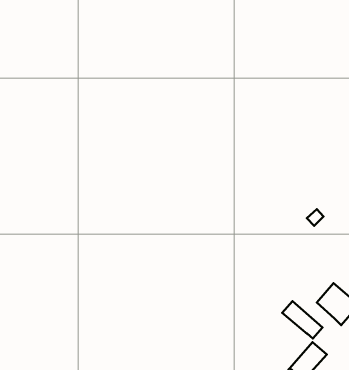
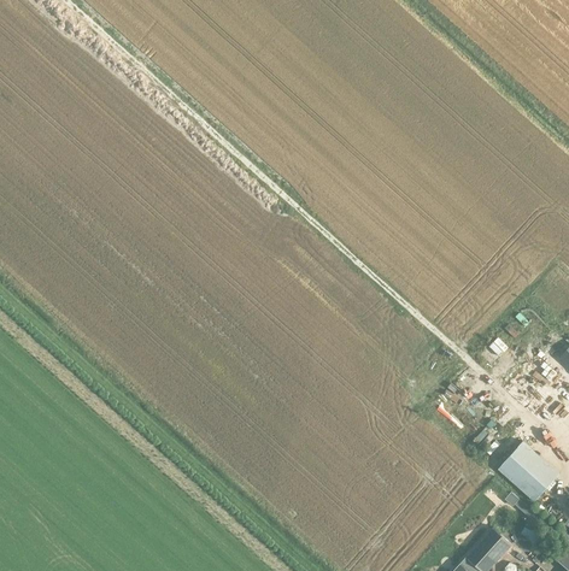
building: [282,301,322,339] -> none

